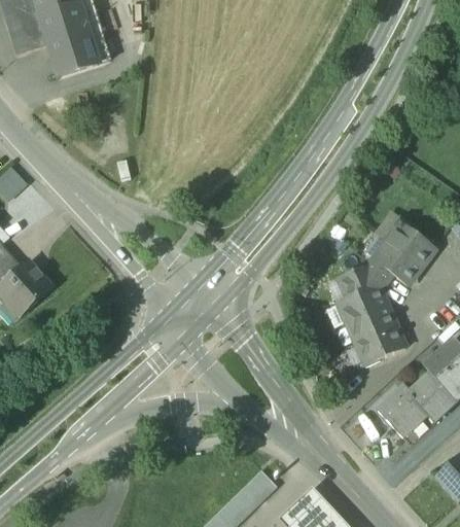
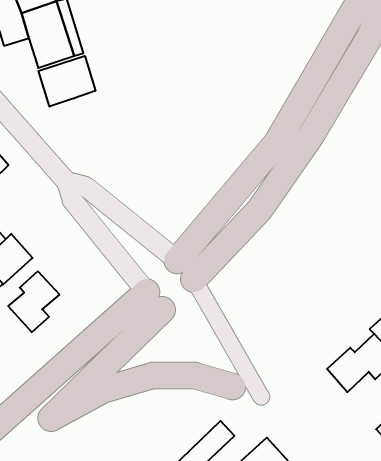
building: none -> [38,56,95,107]
building: [339,216,435,364] -> none
building: none -> [8,271,59,332]

